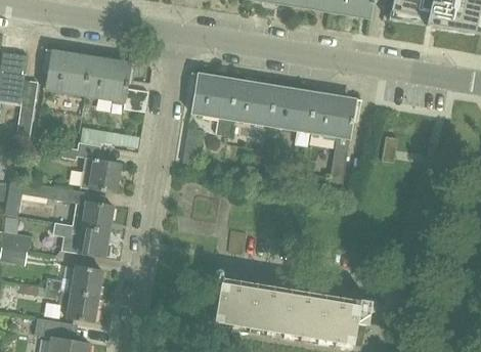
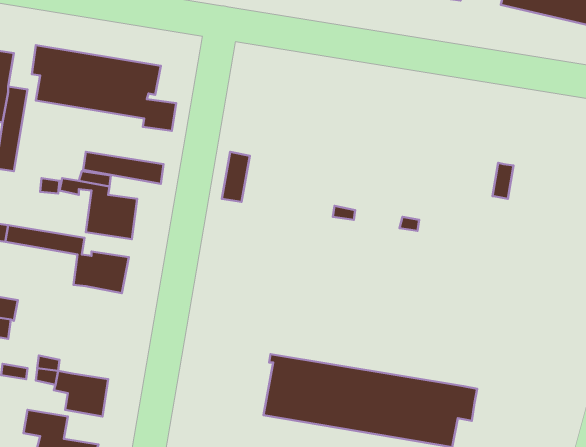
building: [190,72,360,188] -> none
building: [53,222,108,257] -> none
building: [72,265,102,295] -> none

